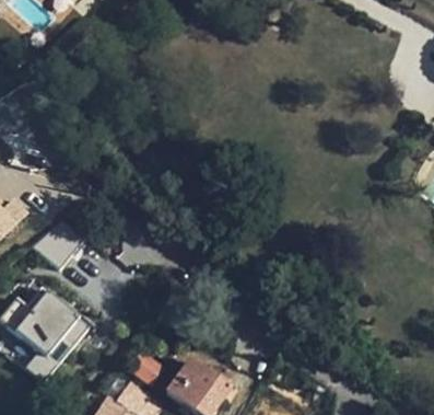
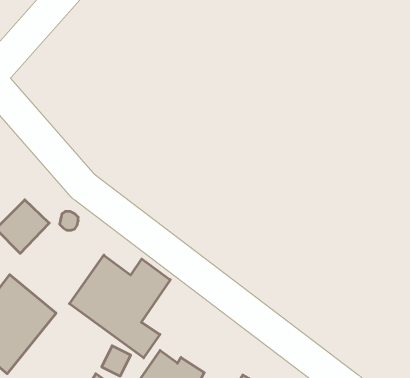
building: none -> [69,255,170,358]

